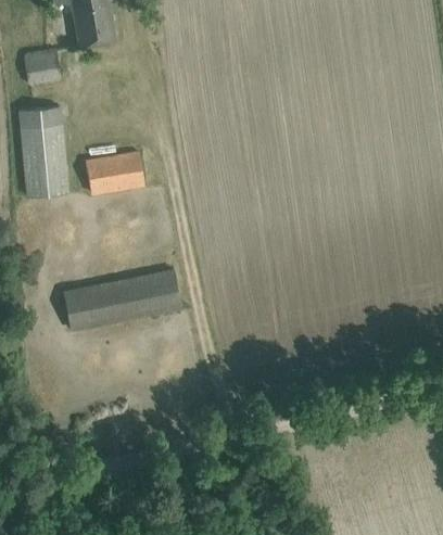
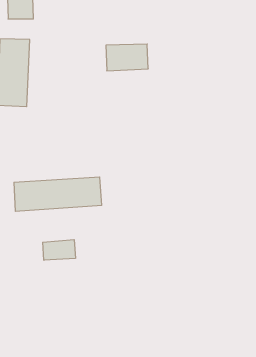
building: [85,152,143,193] -> [106,44,148,71]
building: none -> [43,240,75,260]

